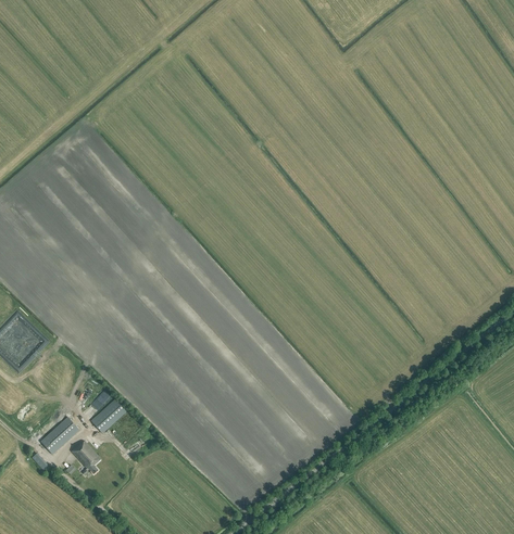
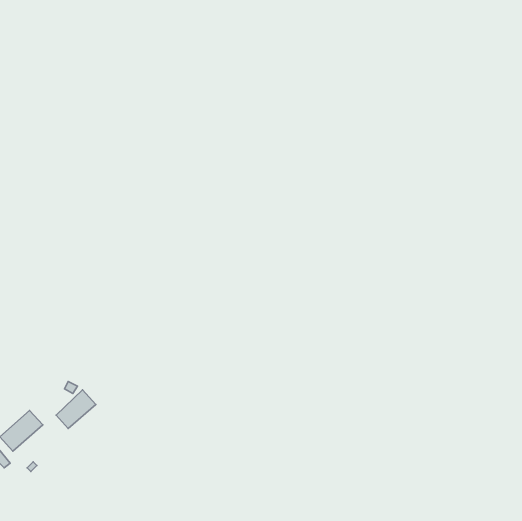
building: [71,441,100,474] -> none

